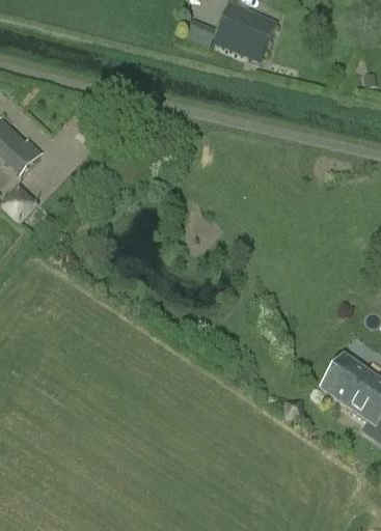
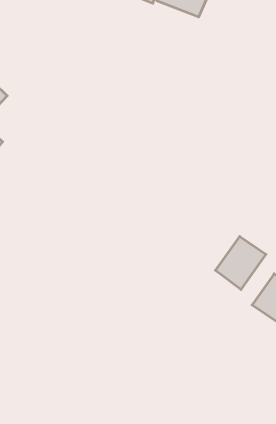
building: none -> [215,236,266,290]

